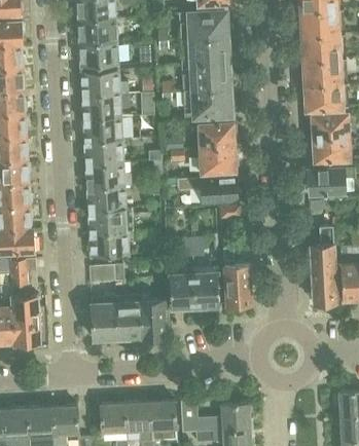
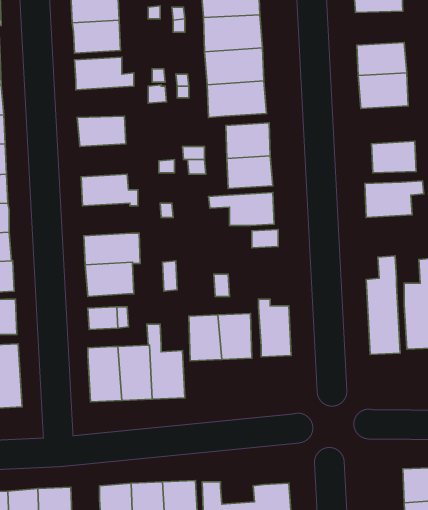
building: [299,34,339,61] -> none
building: [82,92,129,117] -> none
building: [313,112,348,138] -> none
building: [85,138,122,163] -> none
building: [87,184,125,210] -> none

